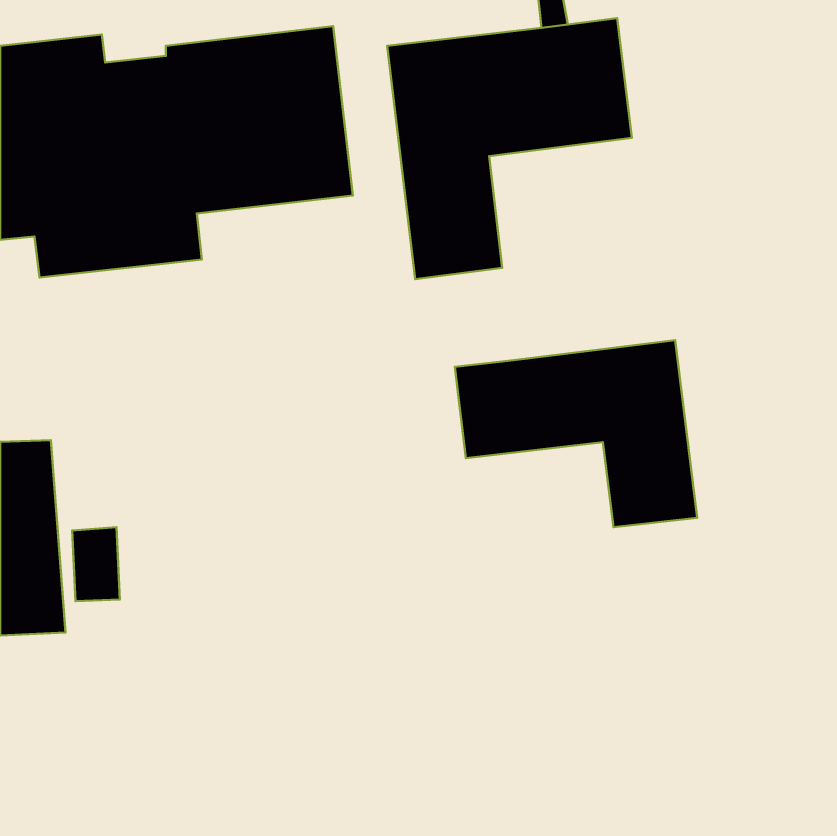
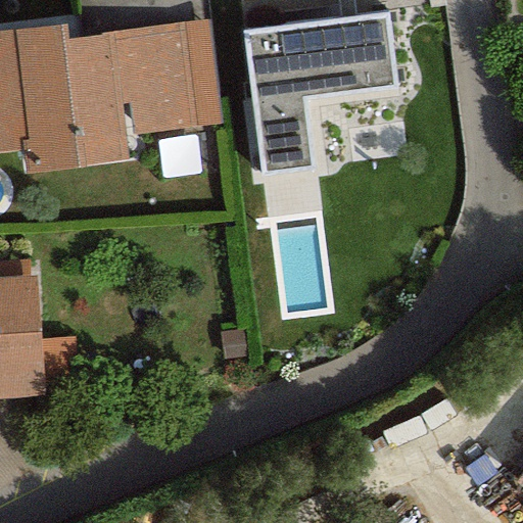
building: [455,340,697,527] -> none

